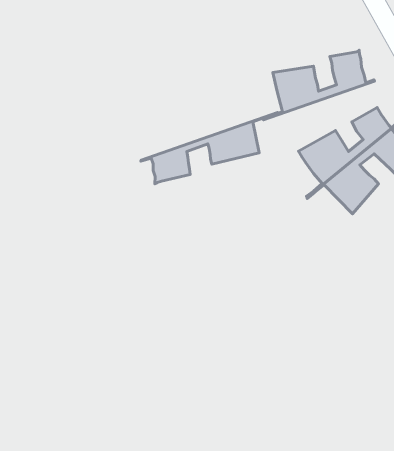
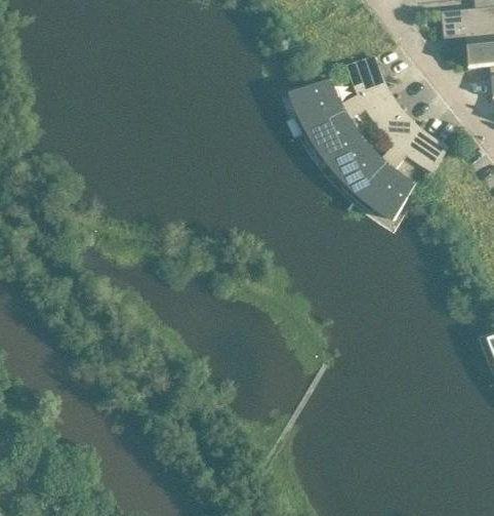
building: none -> [290,84,400,166]
building: [141,113,278,184] -> none

